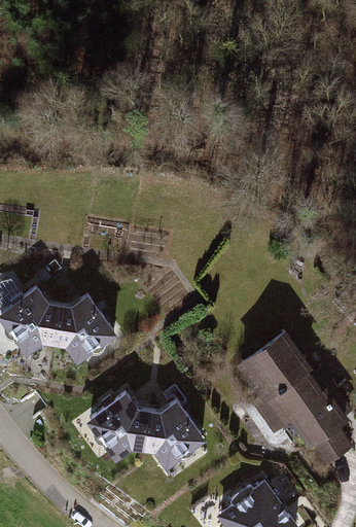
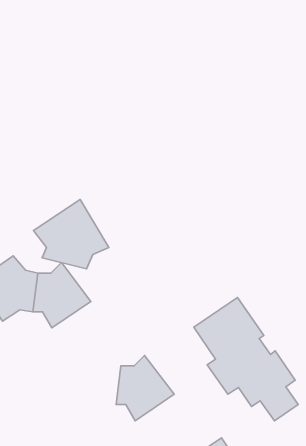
building: none -> [33,199,109,269]
building: [87,387,154,458] -> none

